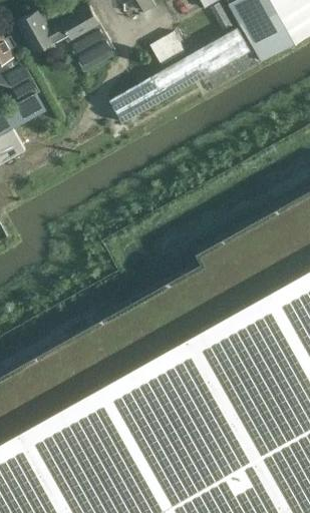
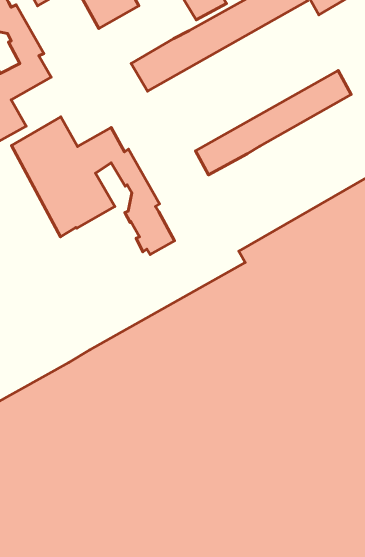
building: none -> [196,71,351,175]
building: none -> [12,117,174,255]

